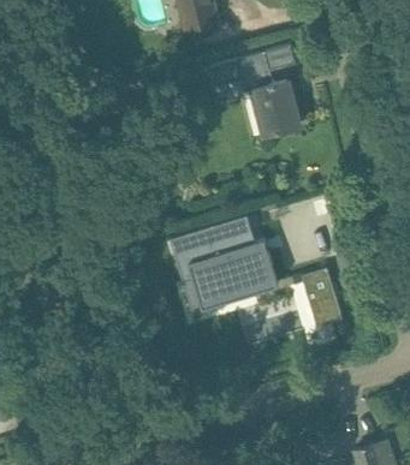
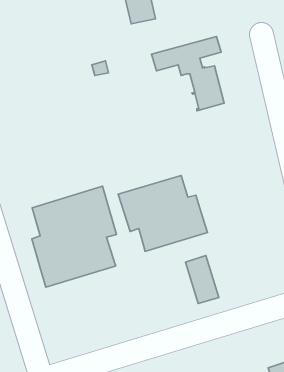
building: none -> [32,186,116,287]
building: [298,270,339,329] -> [185,255,219,303]

